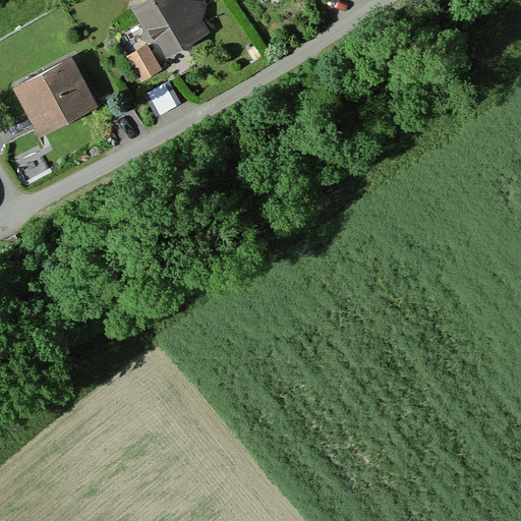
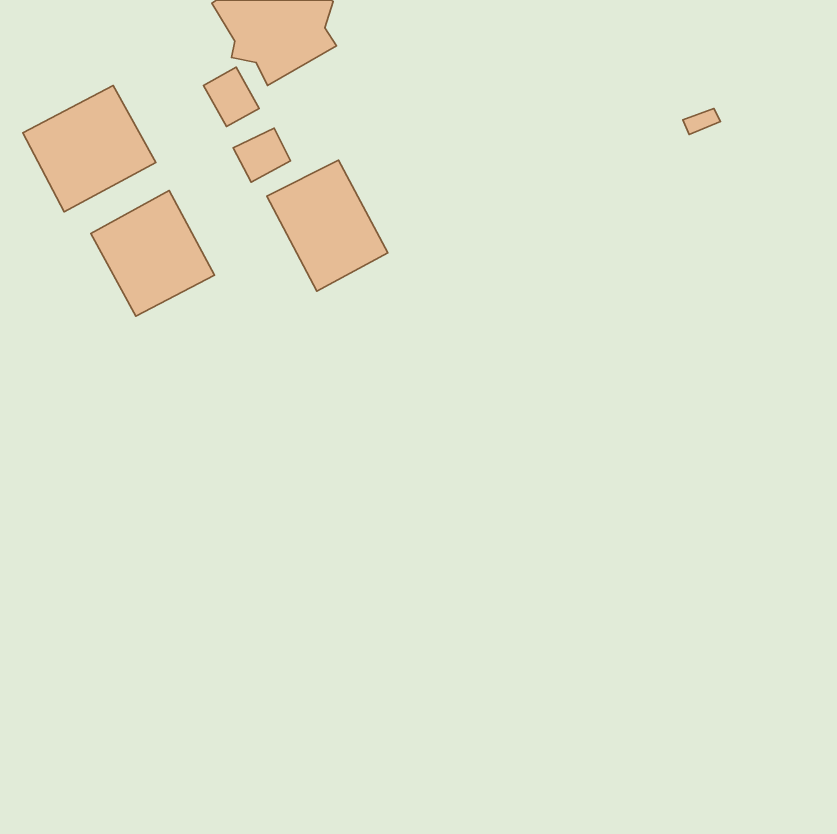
building: none -> [267,160,388,291]
building: none -> [91,190,214,316]

